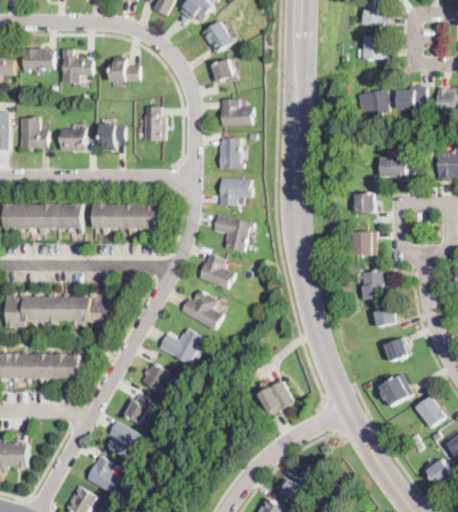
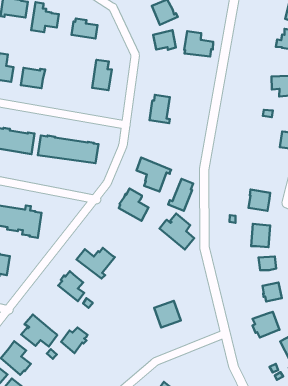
building: [220,99,254,126] -> [184,31,213,57]
building: [100,124,125,150] -> none
building: [219,178,252,205] -> none
building: [354,193,375,212] -> none
building: none -> [168,179,193,211]
building: [181,289,224,330] -> [159,214,194,249]
building: [122,393,152,424] -> [61,327,87,353]

